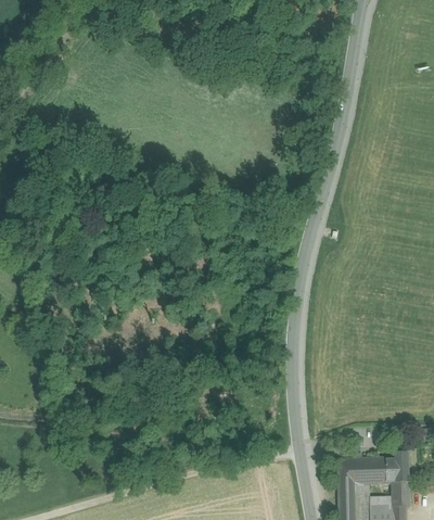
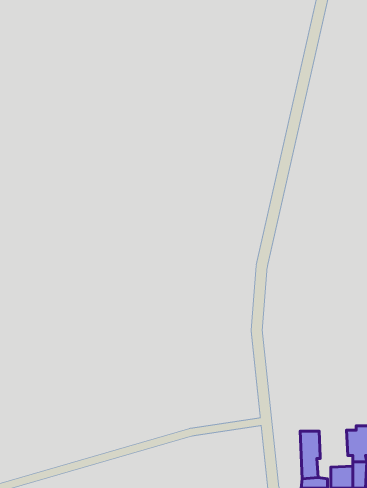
building: [358,459,387,486] -> none

